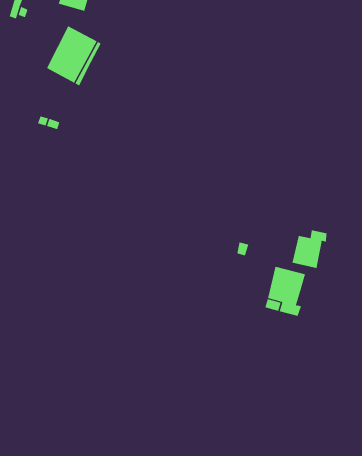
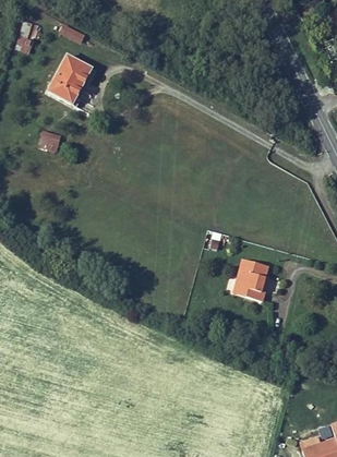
building: [292,230,327,269] -> none

